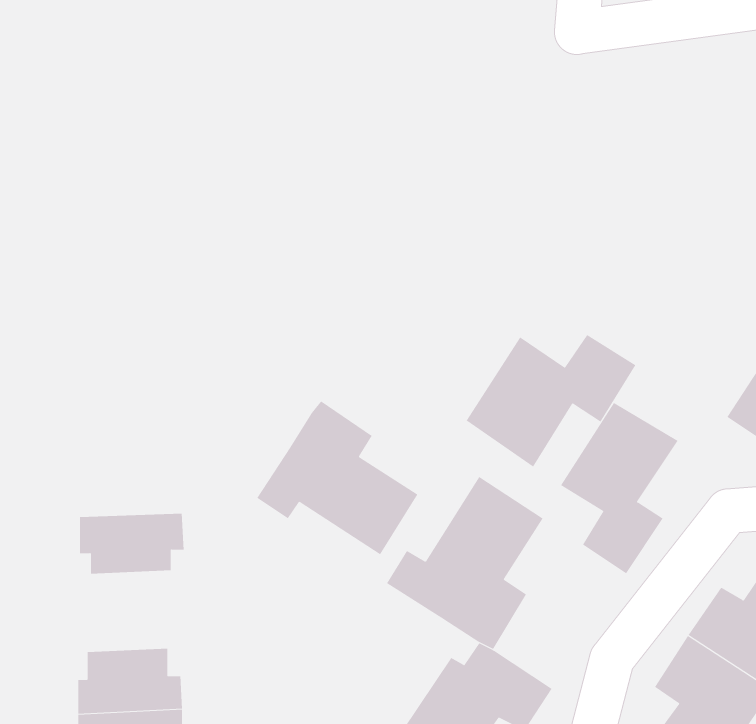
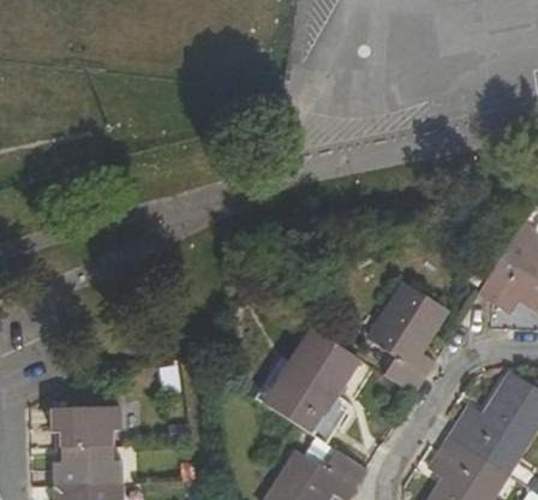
building: [466,334,636,467] -> none
building: [257,401,418,555] -> none
building: [79,513,184,574] -> [54,406,122,446]

